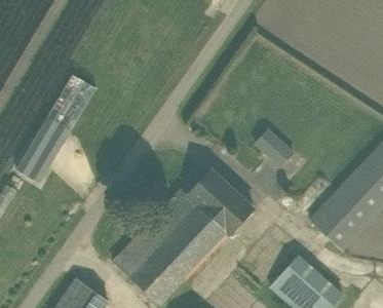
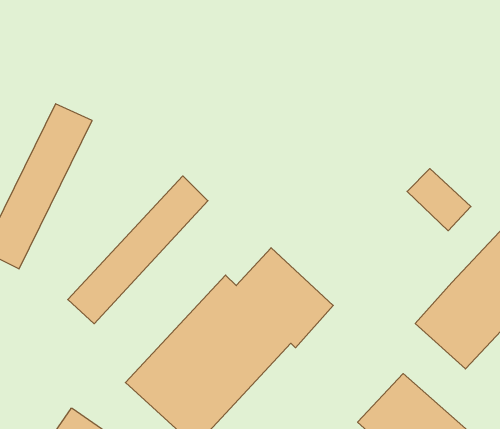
building: none -> [68,176,208,324]
building: [250,125,293,167] -> [407,169,471,231]

